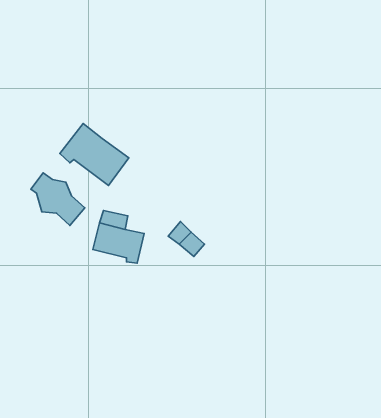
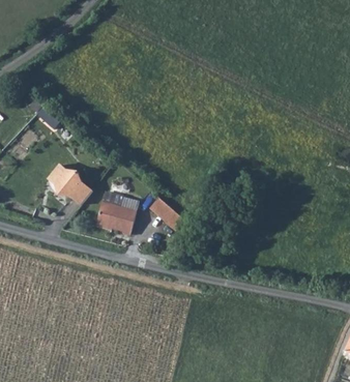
building: [60,123,129,186] -> none

